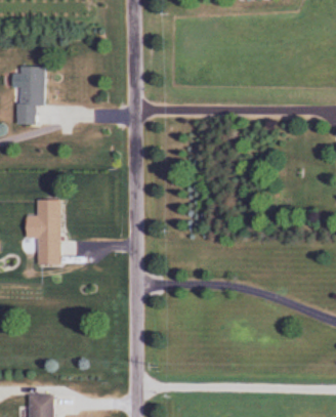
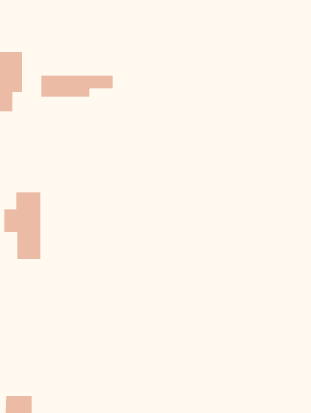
building: none -> [41,75,113,97]

